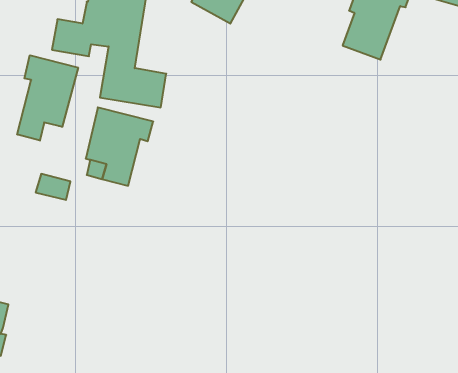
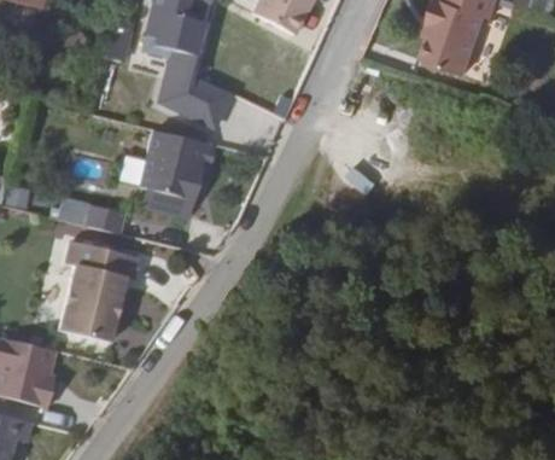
building: [17,55,78,141] -> none
building: none -> [53,240,135,347]

